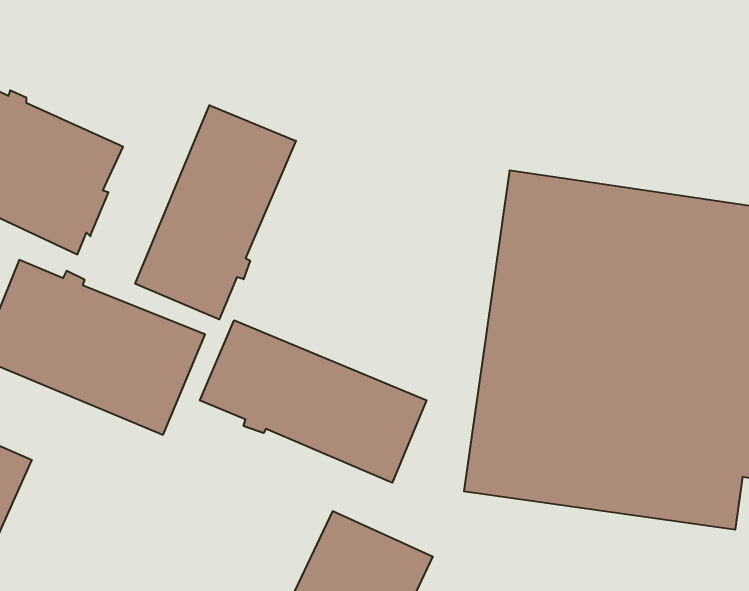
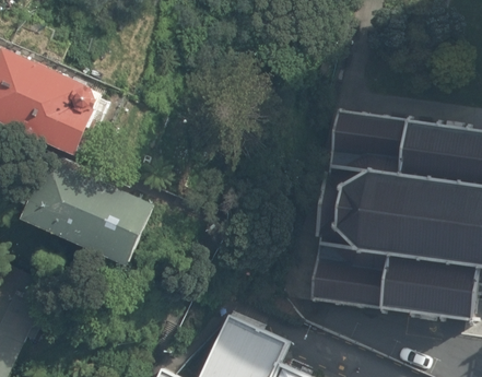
building: [135,105,296,319] -> none
building: [200,320,426,483] -> none

